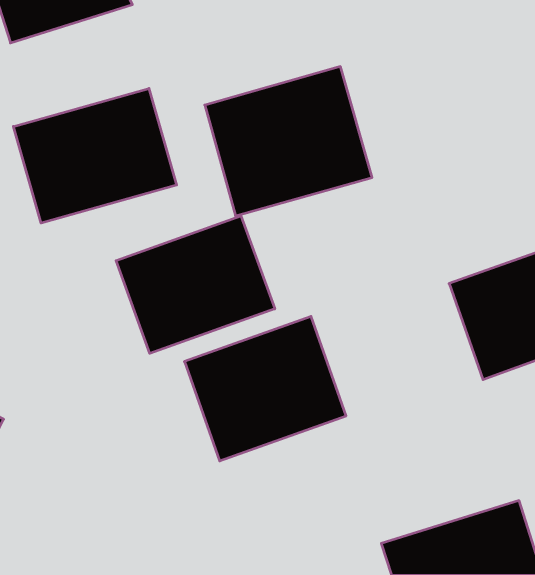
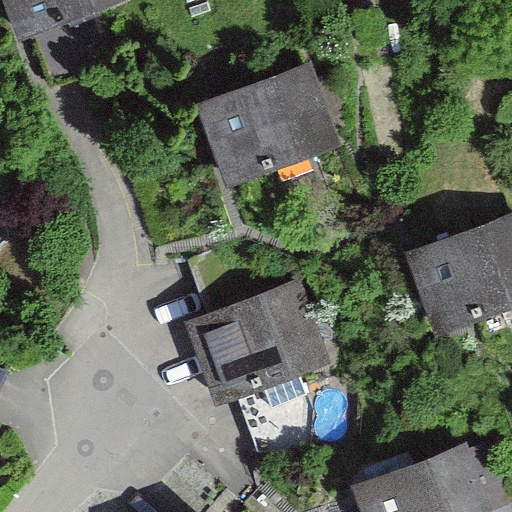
building: [13,88,177,223] -> none
building: [116,216,275,353] -> none

